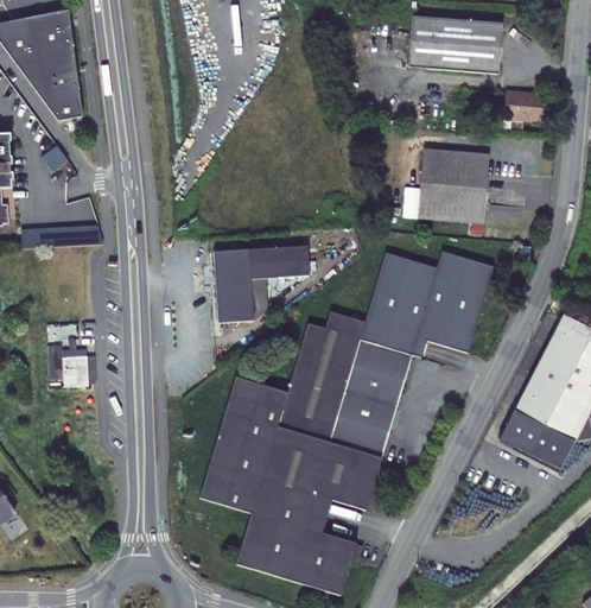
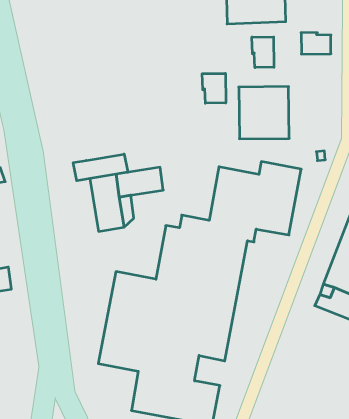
building: none -> [252,37,274,68]
building: none -> [202,73,226,103]
building: none -> [73,154,128,181]

